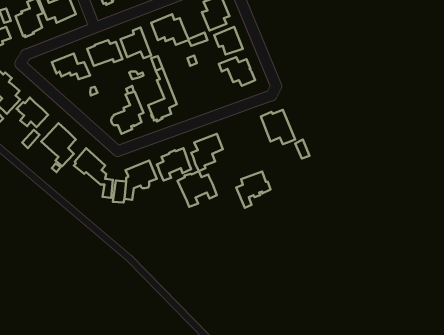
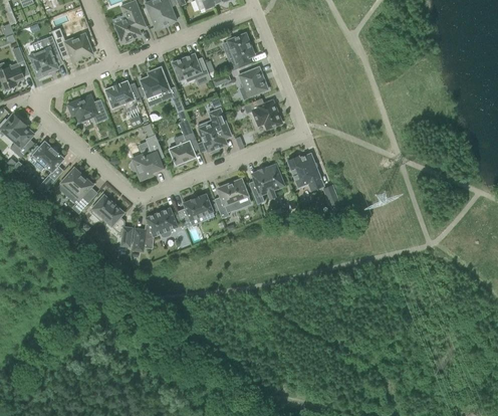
building: none -> [198,108,231,154]
building: [177,171,217,207] -> none
building: [236,171,271,208] -> [248,166,284,204]

